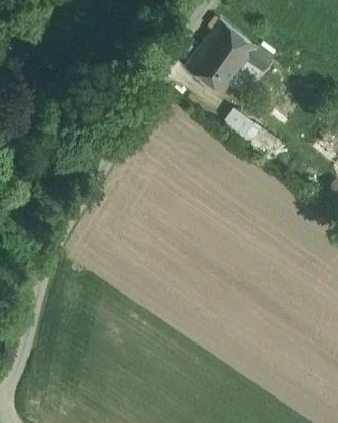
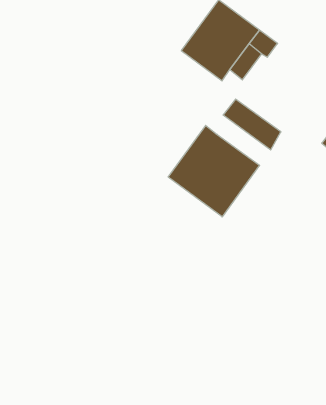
building: none -> [168,125,260,217]

